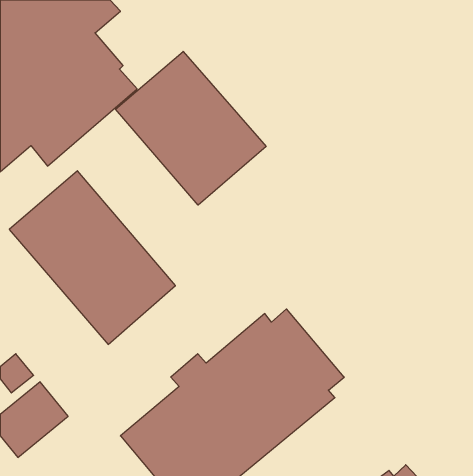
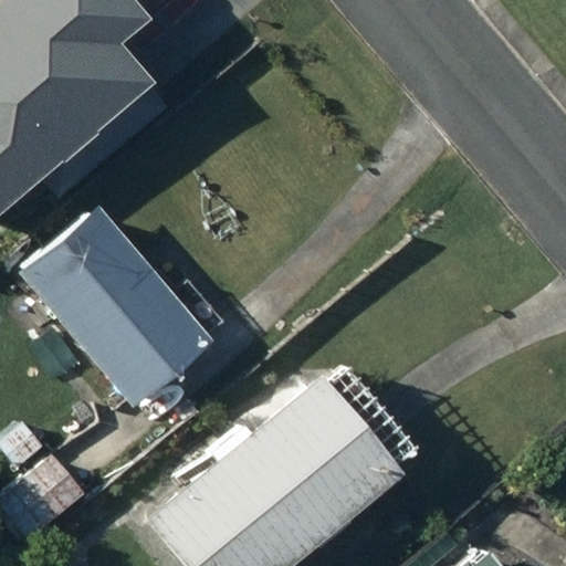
building: [116,51,266,205] -> none

